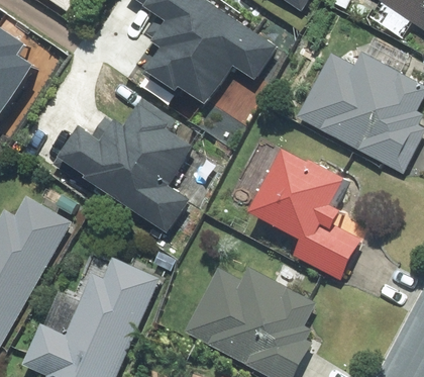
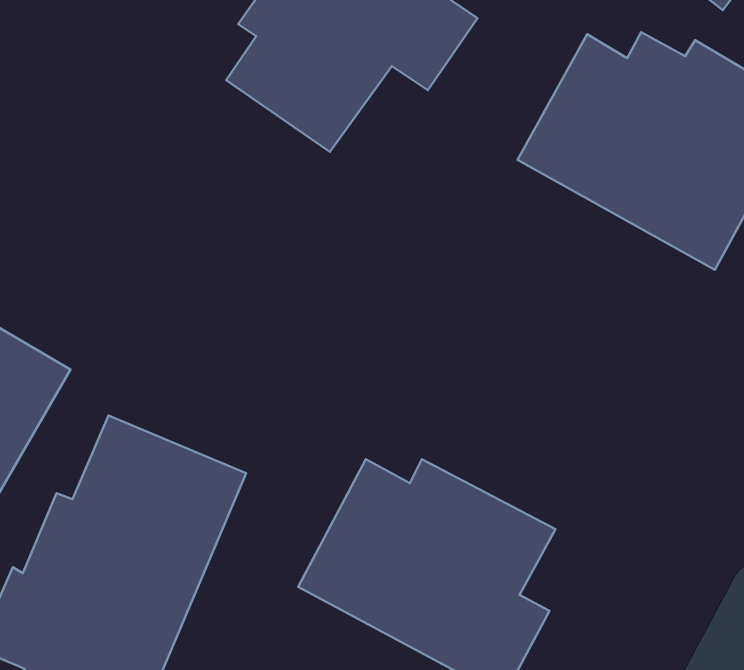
building: [62,102,197,231] -> none
building: [223,136,364,283] -> none

